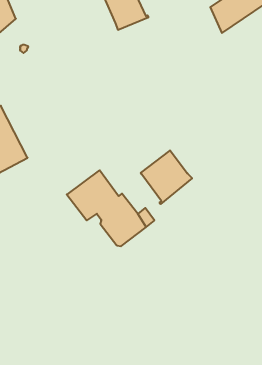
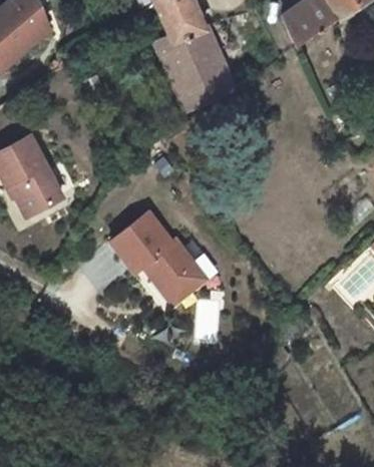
building: none -> [154,28,235,109]
building: [141,150,192,204] -> none

